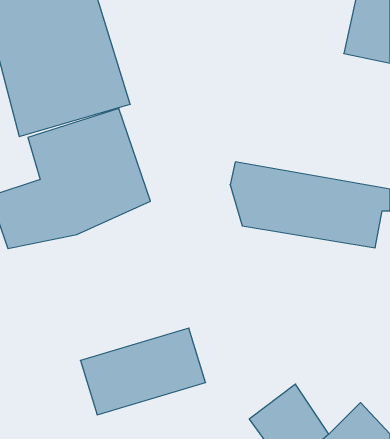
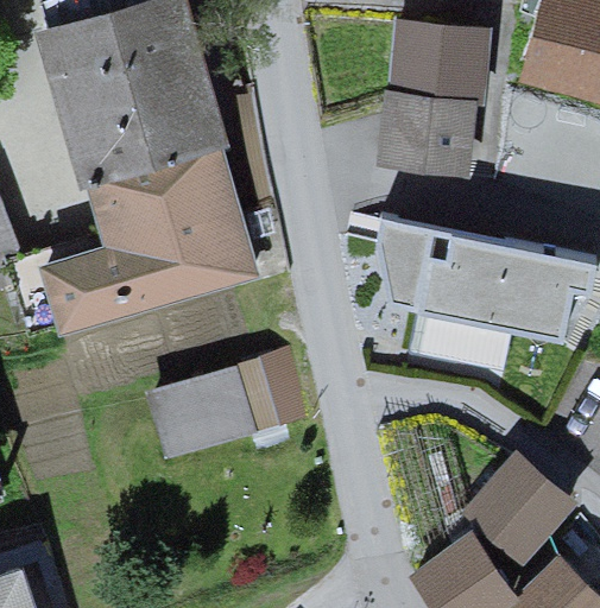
building: none -> [377,18,480,164]
building: none -> [456,452,573,569]
building: [80,328,206,415] -> [145,338,315,456]

